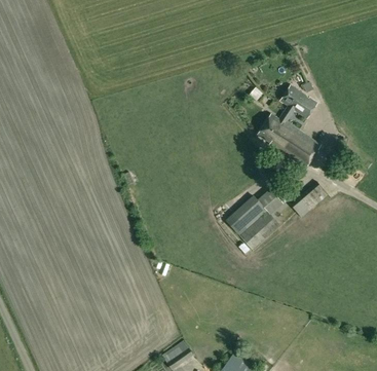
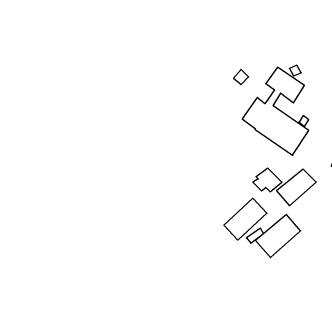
building: [223,195,266,236] -> [256,215,301,258]

